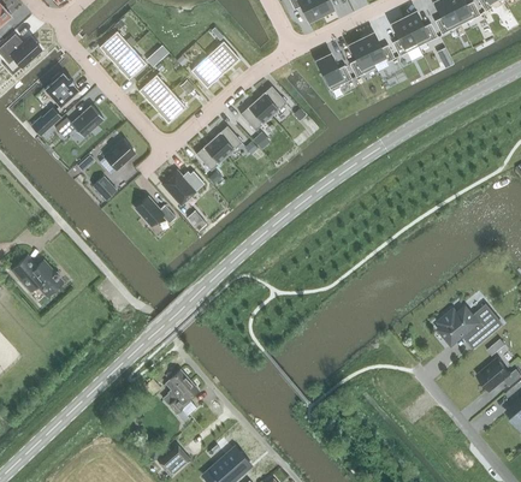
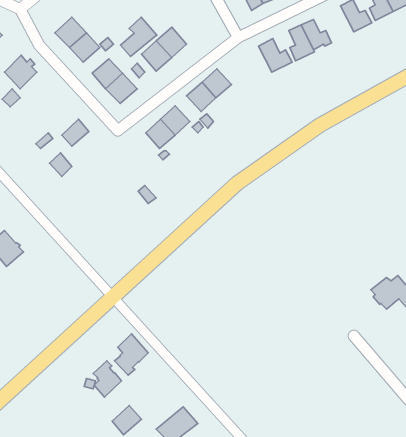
building: [390,18,418,55] -> none
building: none -> [120,17,157,57]
building: [54,103,103,136] -> none
building: [161,171,203,204] -> none
building: [135,197,176,225] -> none
building: none -> [93,361,122,397]

